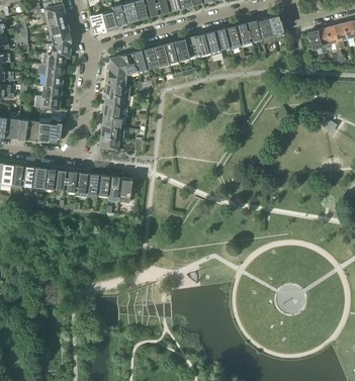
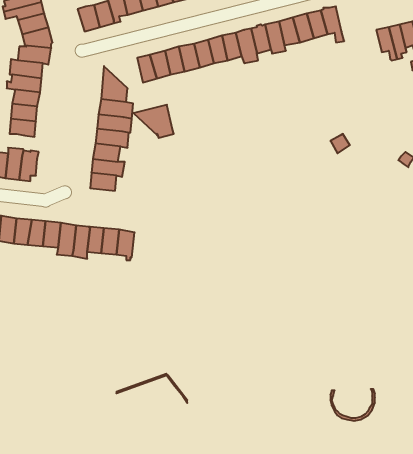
building: [109,53,139,77] -> [134,105,174,138]

